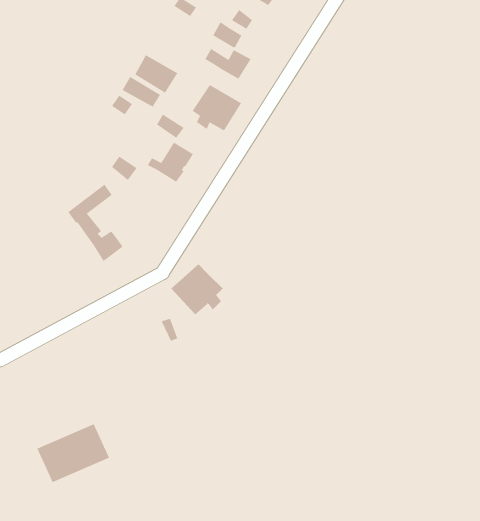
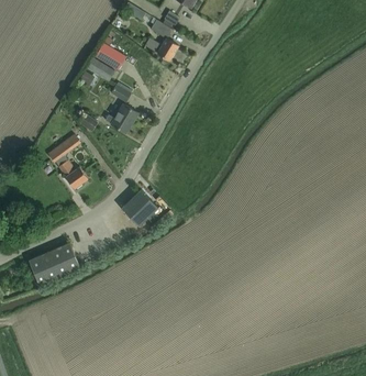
building: [192,84,242,131] -> none
building: [36,424,110,483] -> [29,243,80,285]

